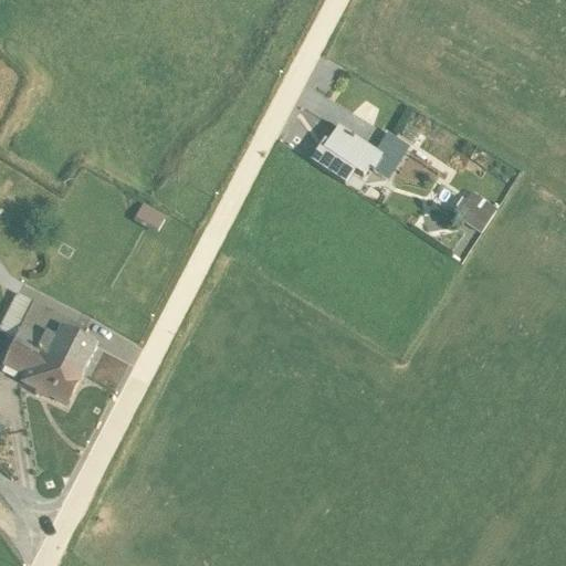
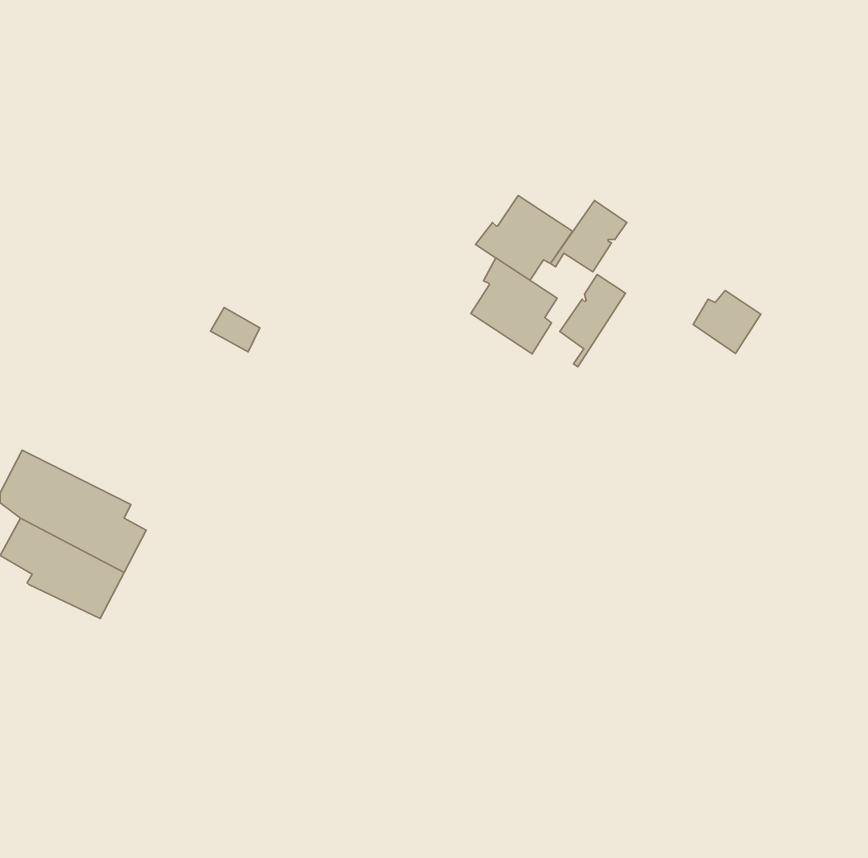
building: none -> [471,258,557,354]
building: none -> [560,274,625,367]

